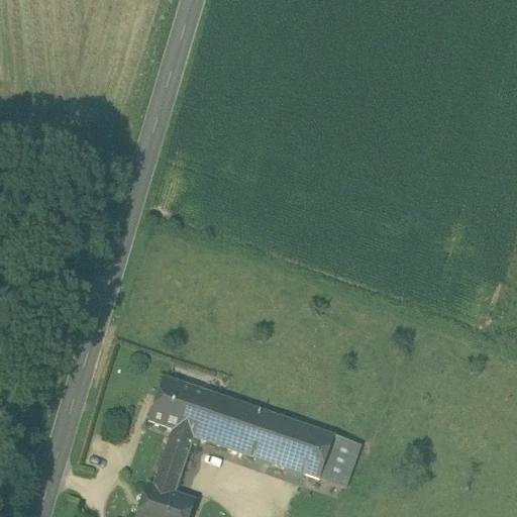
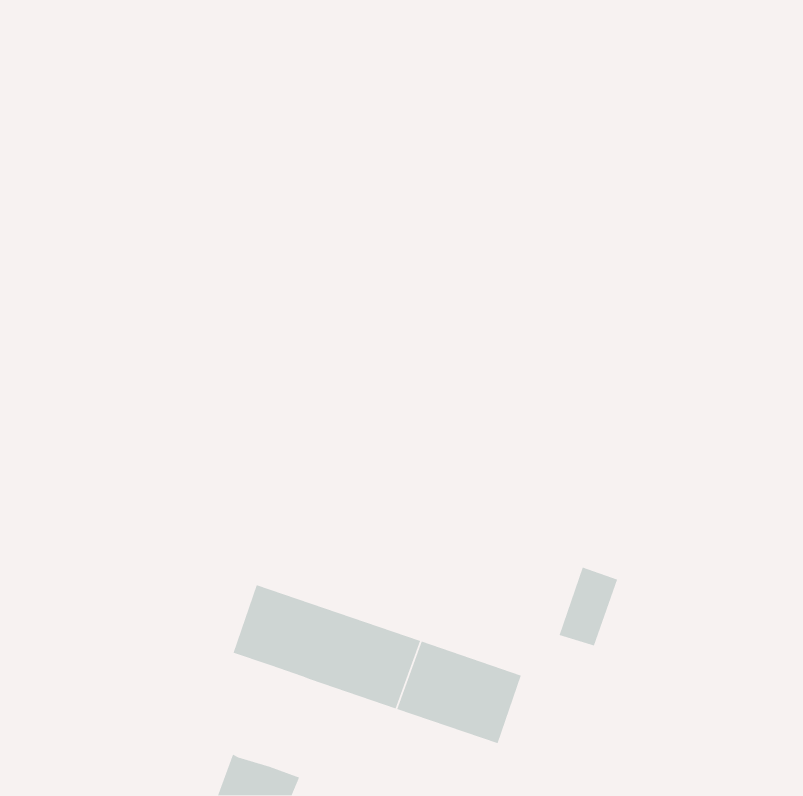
building: [153,428,194,493] -> none
building: [320,434,358,486] -> [558,567,618,647]

